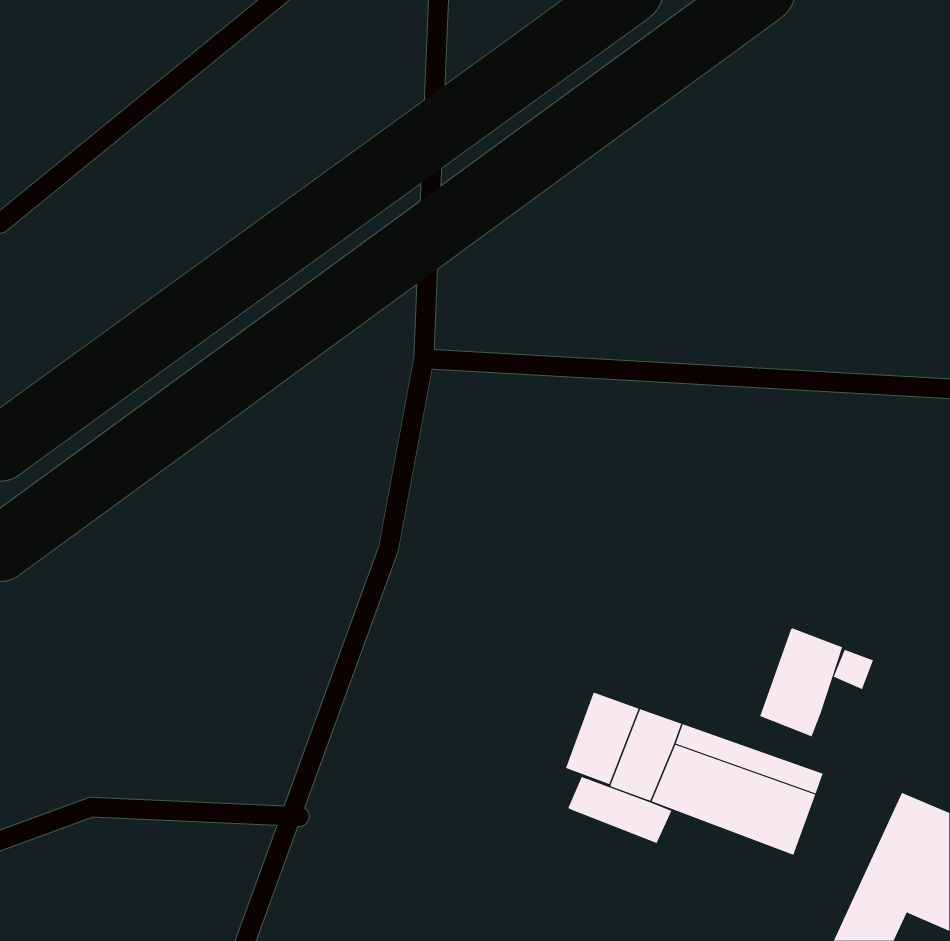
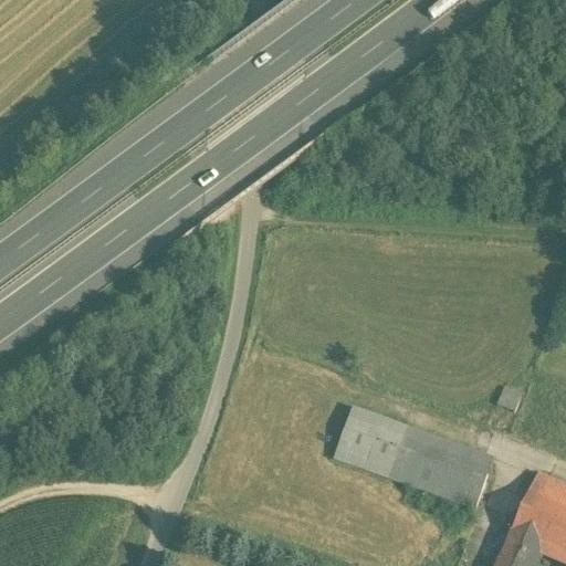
building: [760,628,843,737] -> none
building: [568,776,672,844] -> none

